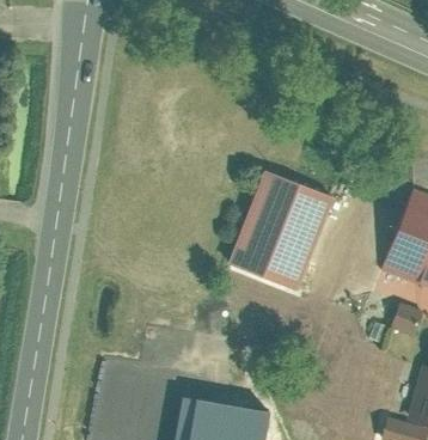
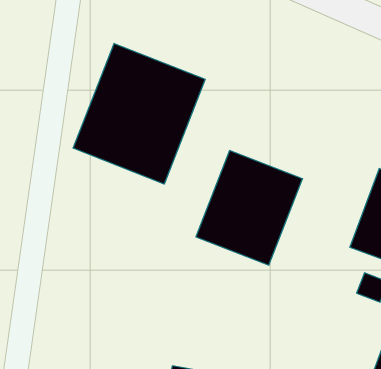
building: none -> [73,43,205,184]

